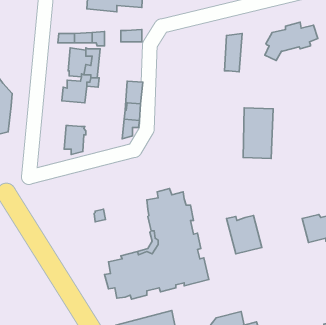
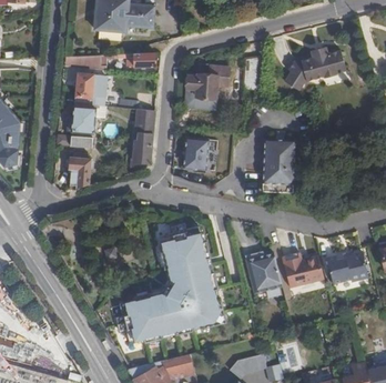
building: none -> [184,65,228,109]
building: none -> [184,135,210,168]
building: none -> [283,250,325,285]

